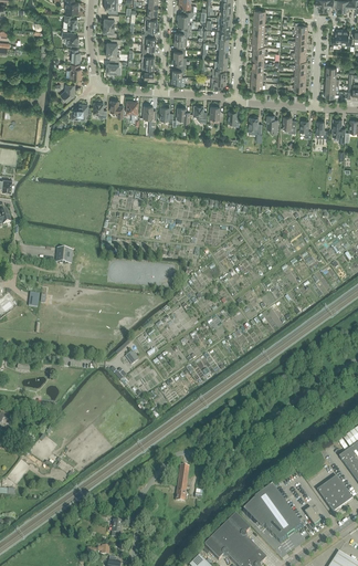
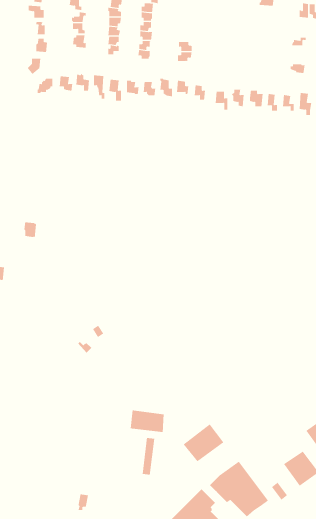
building: none -> [129,409,164,433]
building: none -> [183,423,225,462]

